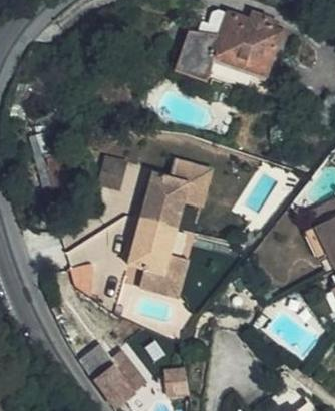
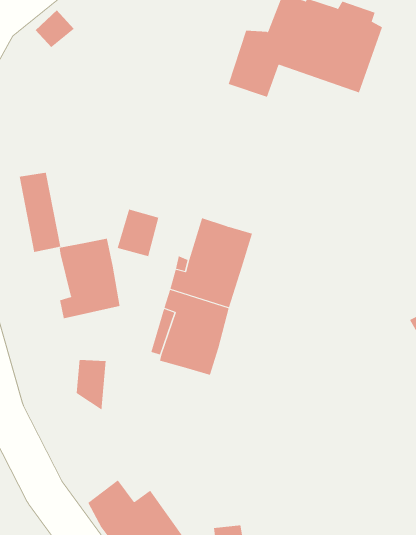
building: [177,153,217,203] -> none
building: none -> [59,238,120,319]
building: [142,253,191,295] -> none

